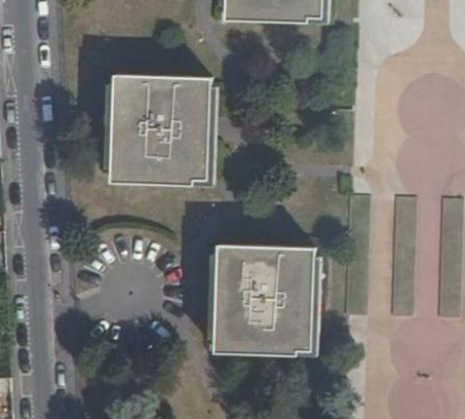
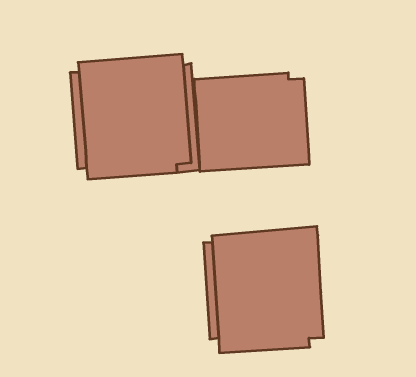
building: none -> [194,73,309,172]
building: [296,255,322,355] -> none

